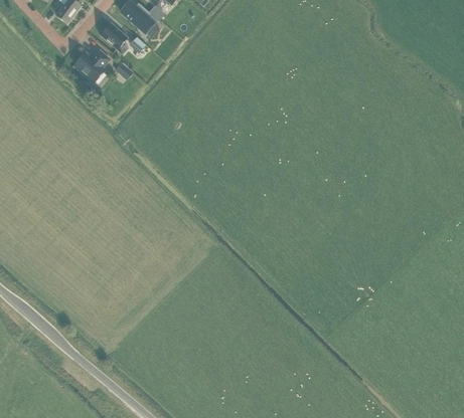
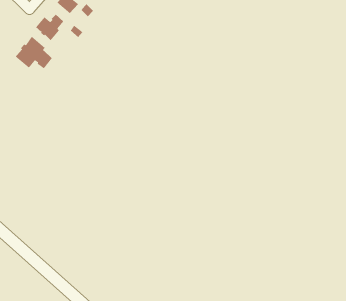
building: none -> [15,36,53,69]

